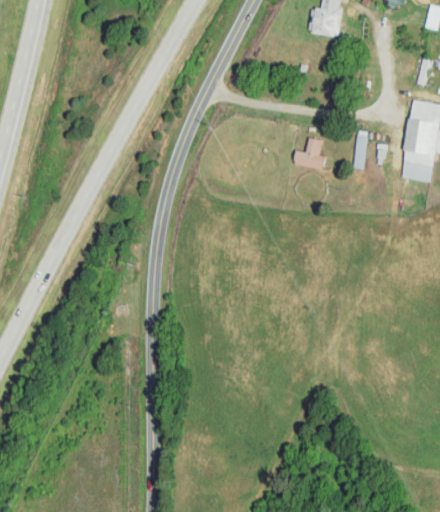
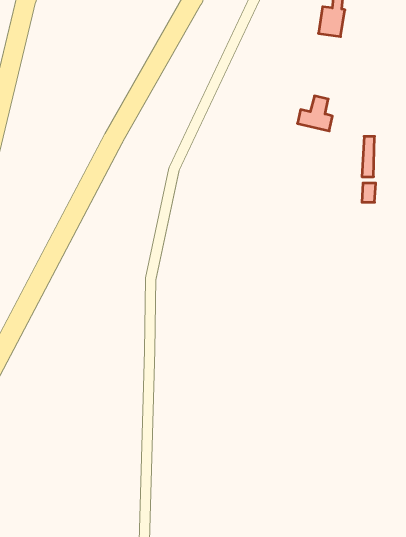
building: [292,136,325,169] -> [297,96,332,131]

